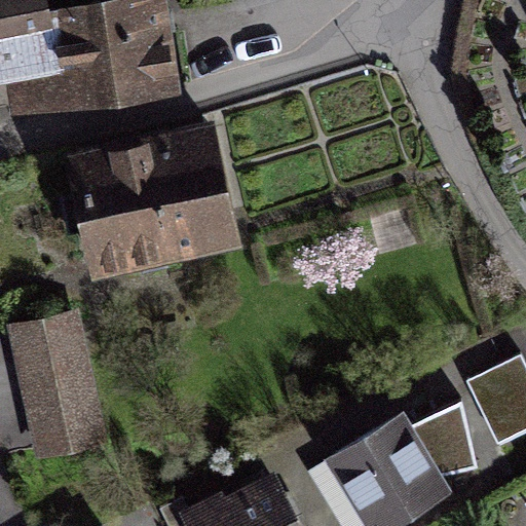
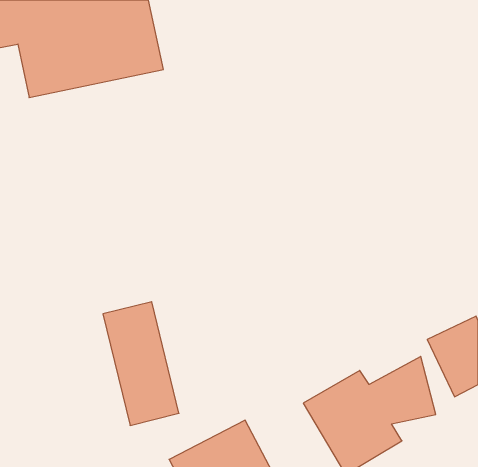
building: [76,133,230,257] -> none
building: [14,322,98,457] -> [103,302,179,425]

